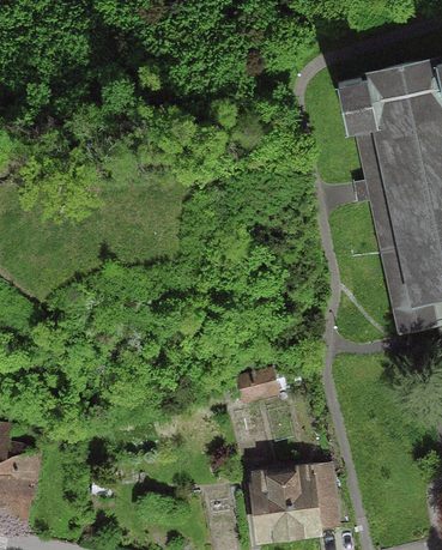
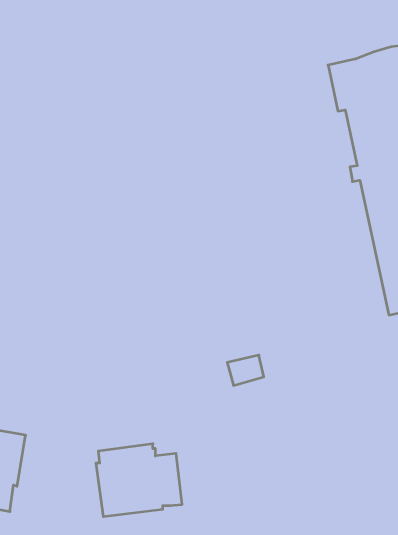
building: [254,466,339,538] -> [96,444,182,517]

